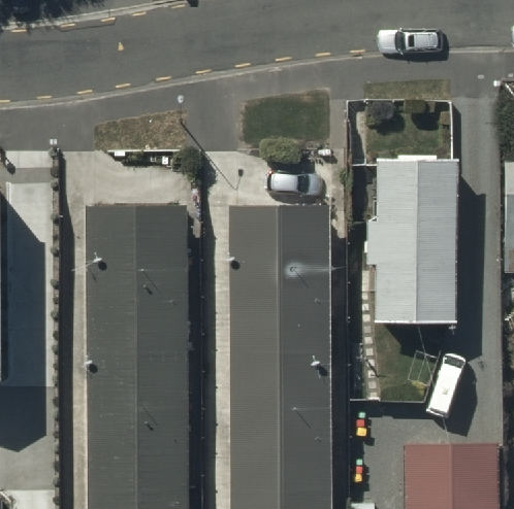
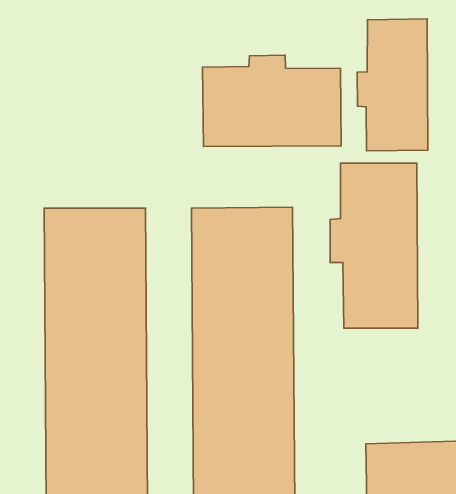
building: none -> [357,19,428,151]
building: none -> [202,55,341,147]

